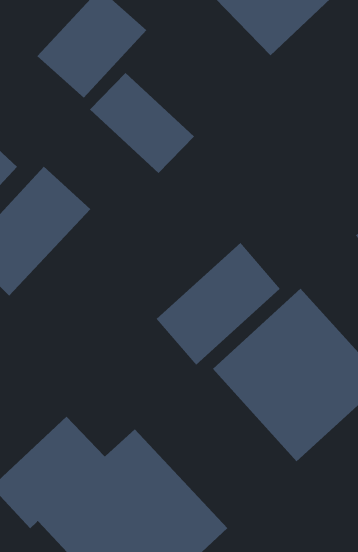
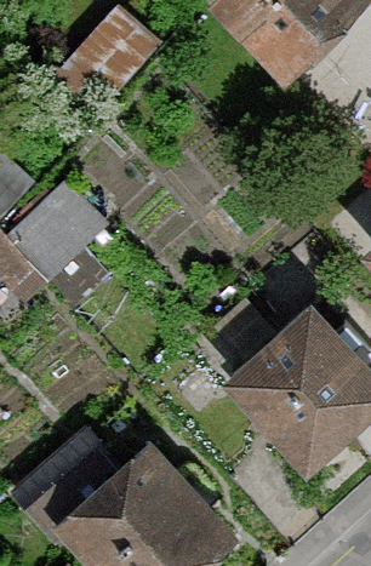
building: [89,72,195,174] -> none
building: [156,242,281,365] -> none

